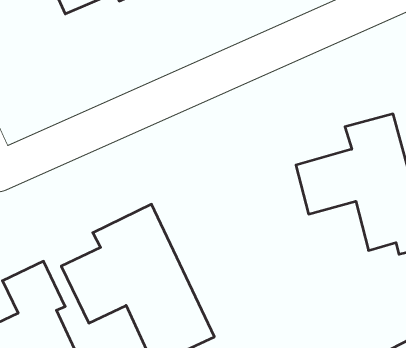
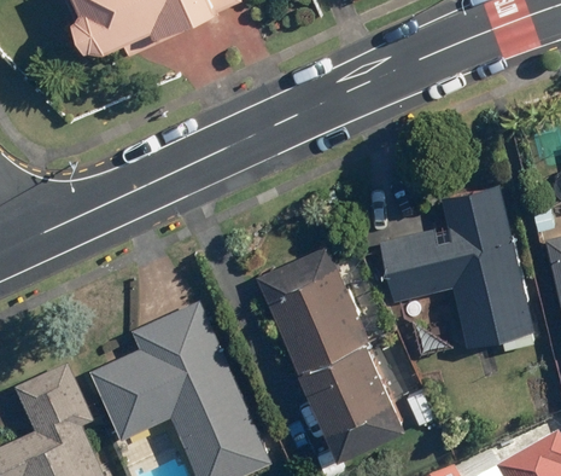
building: none -> [250,242,429,457]

